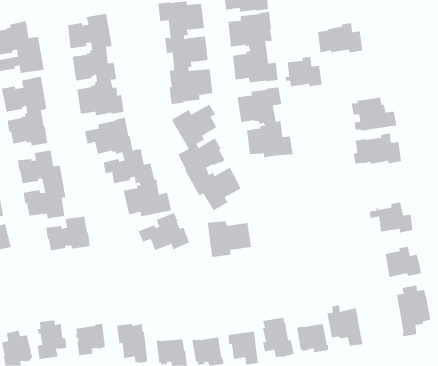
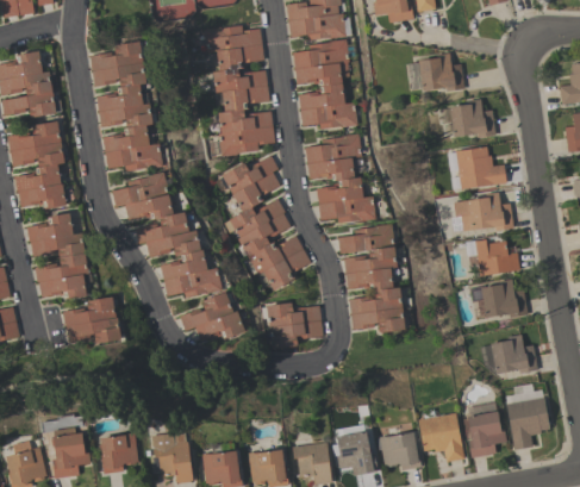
building: [285,57,323,87] -> [447,99,494,137]
building: none -> [337,223,404,332]
building: none -> [466,239,519,276]
building: none -> [468,402,506,457]

